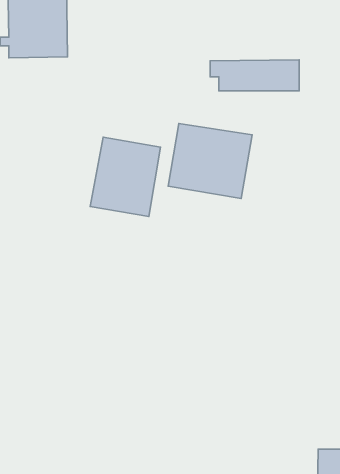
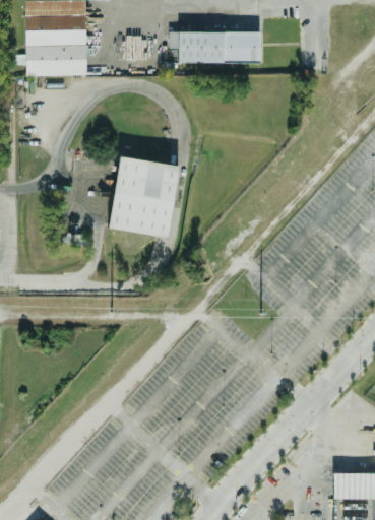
building: [210,60,299,91] -> [168,30,259,62]
building: [168,124,252,199] -> none

